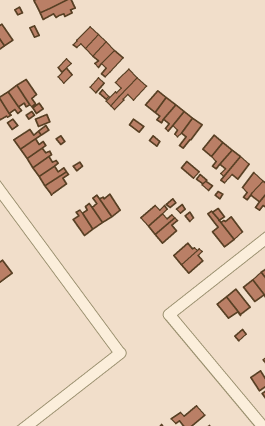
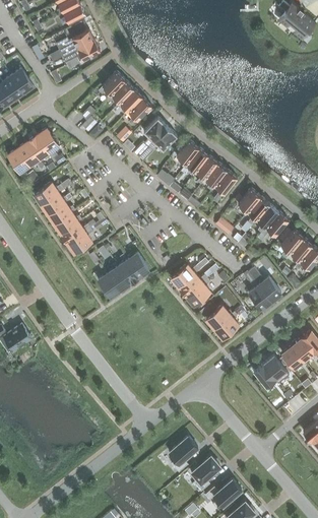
building: none -> [169,436,197,472]
building: none -> [191,456,219,492]

